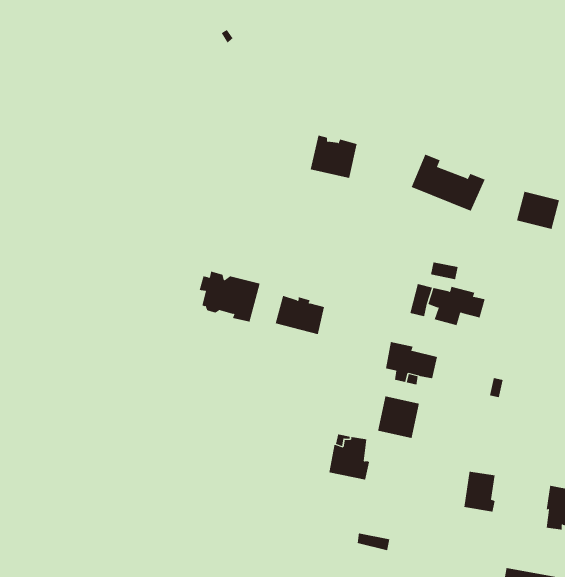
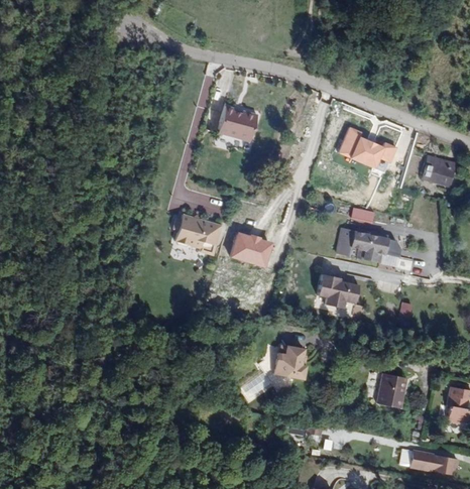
building: [310,135,358,179] -> [216,107,253,141]
building: [378,395,420,439] -> none

